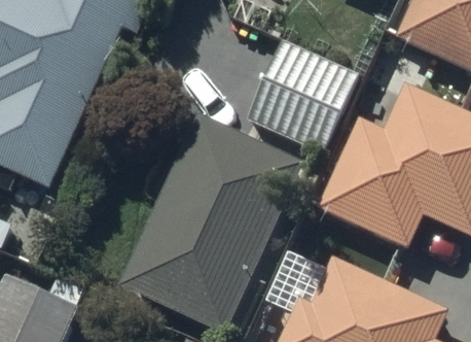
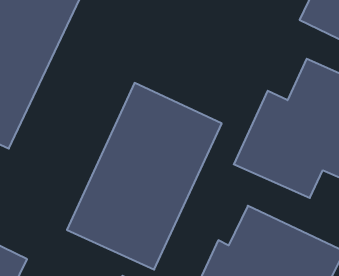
building: [245,38,362,156] -> none

